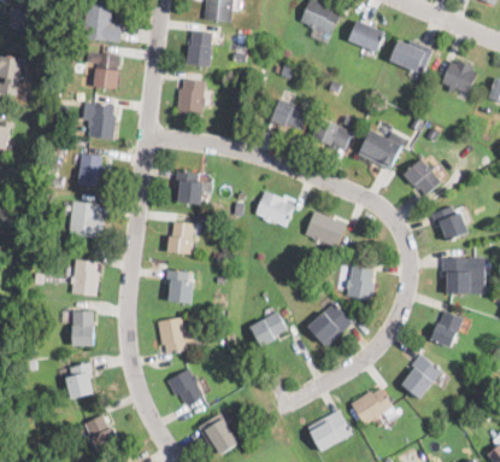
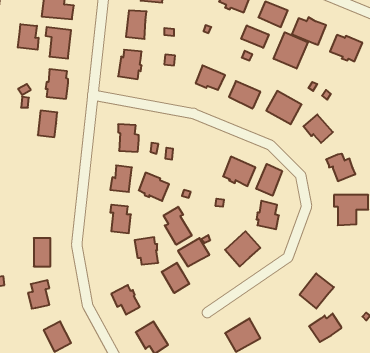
building: none -> [18,24,38,50]
building: none -> [241,25,269,48]
building: none -> [274,32,308,69]
building: [255,192,293,227] -> [139,173,169,201]
building: [64,201,104,238] -> none
building: none -> [256,164,282,196]
building: [70,261,98,296] -> none
building: none -> [164,207,192,245]
building: [430,311,461,347] -> none
building: [158,318,187,352] -> [135,237,158,265]
building: none -> [162,263,189,293]
building: [351,388,390,423] -> [309,313,341,342]

